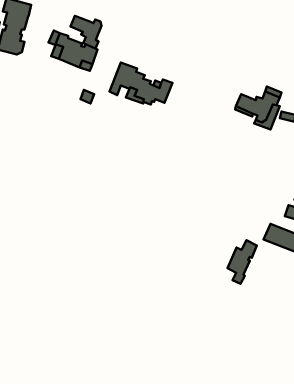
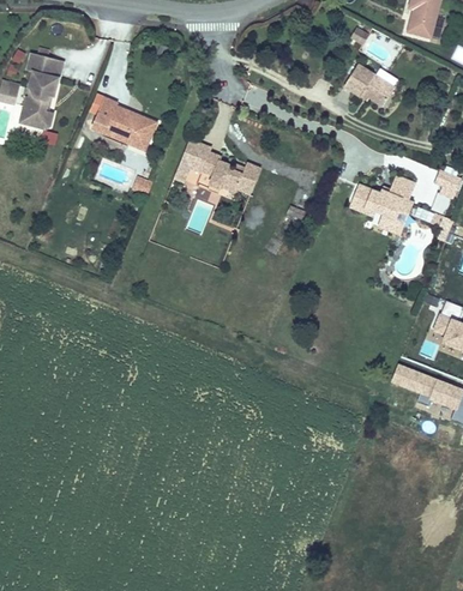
building: none -> [343,64,396,107]
building: [70,16,101,49] -> none
building: [228,240,257,284] -> none

